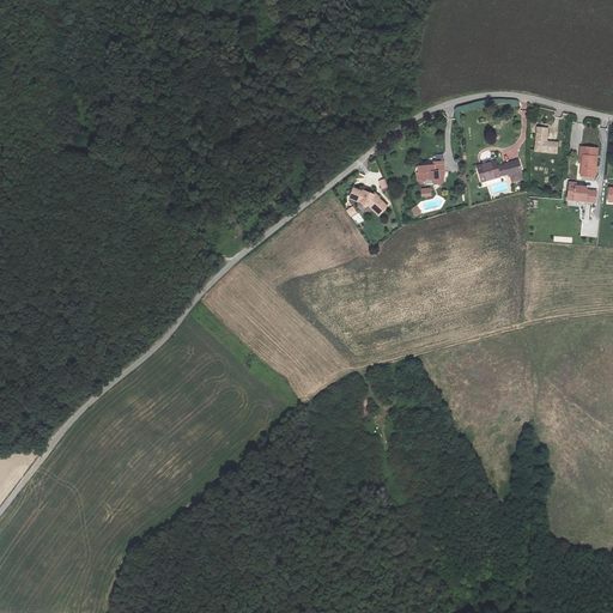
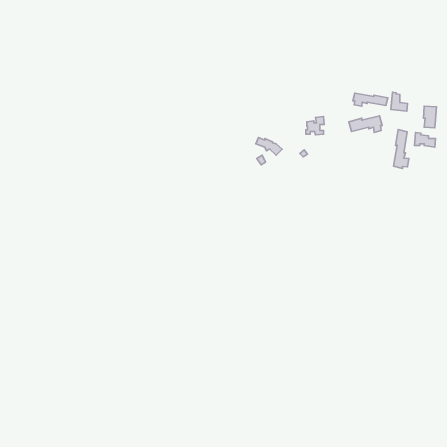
building: none -> [353,93,388,106]
building: none -> [394,130,409,168]

